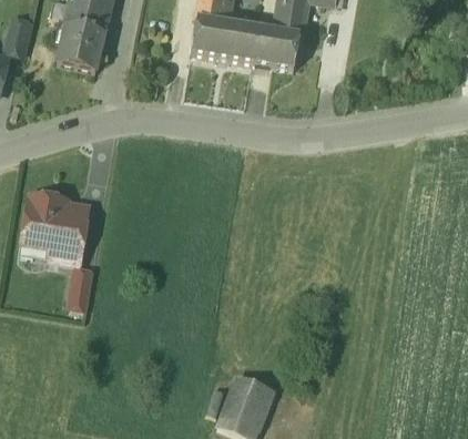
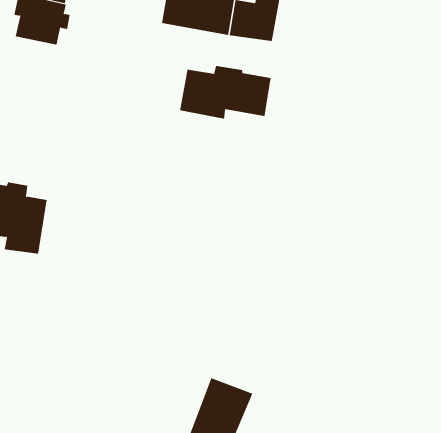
building: none -> [179,65,271,119]
building: [70,266,94,308] -> none

